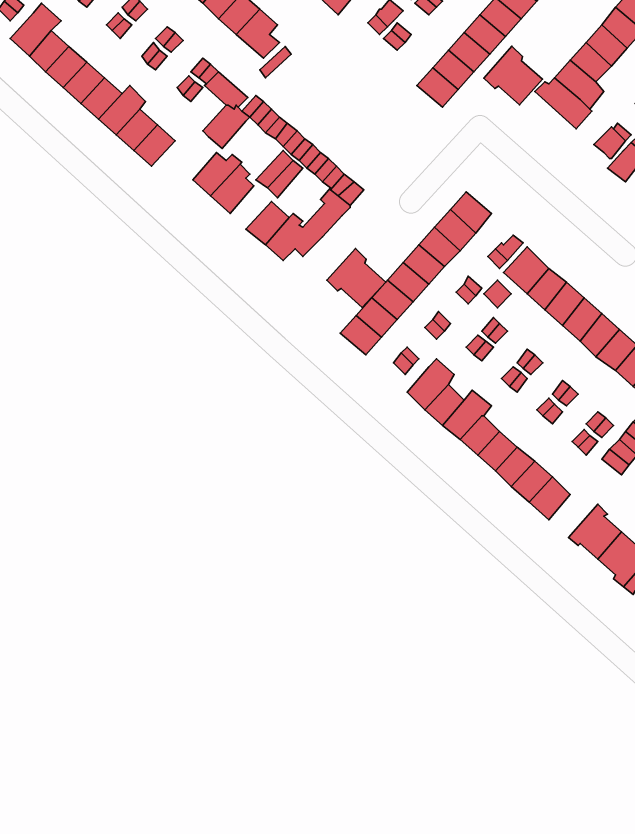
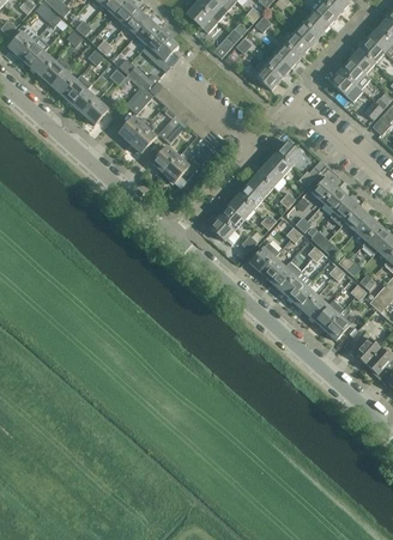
building: [484,46,543,105] -> none
building: [327,249,386,307] -> none

